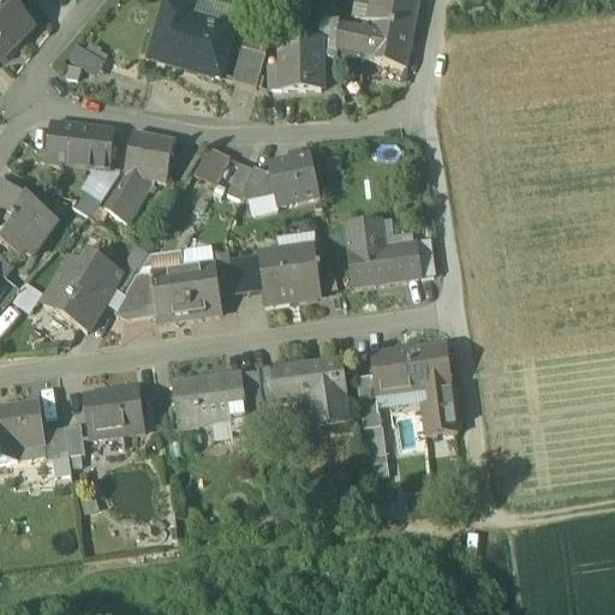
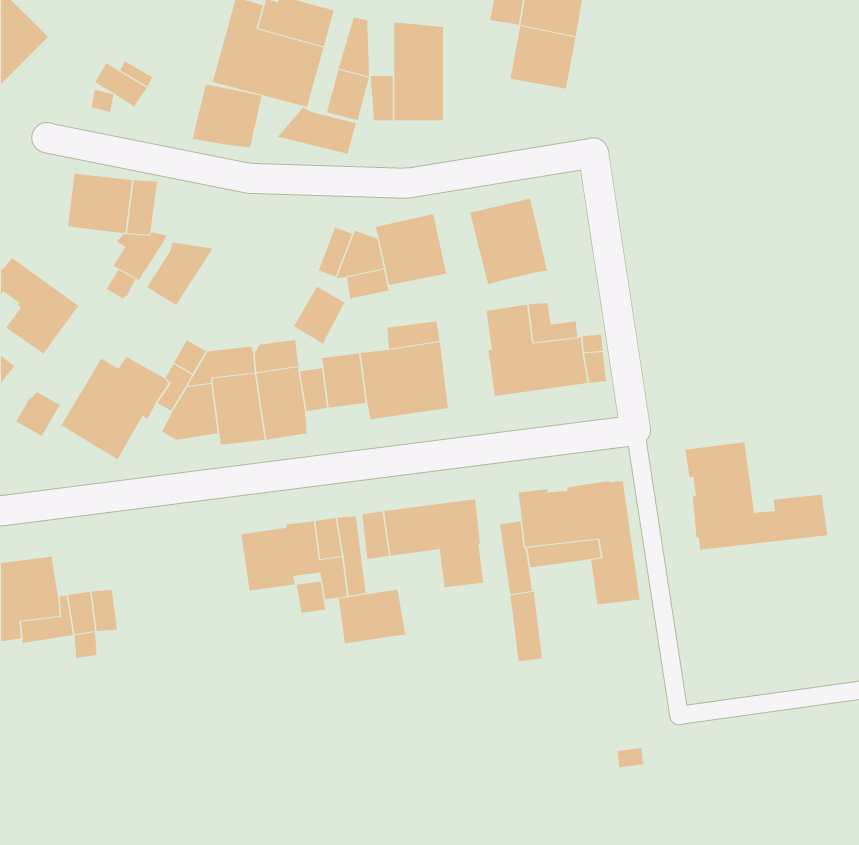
building: [317,19,370,56] -> none
building: none -> [277,106,356,154]
building: [123,133,173,179] -> [192,84,262,148]
building: none -> [469,198,547,285]
building: [192,147,229,189] -> [293,286,345,345]
building: none -> [685,441,828,551]
building: [83,384,144,435] -> none
building: none -> [338,589,406,644]

